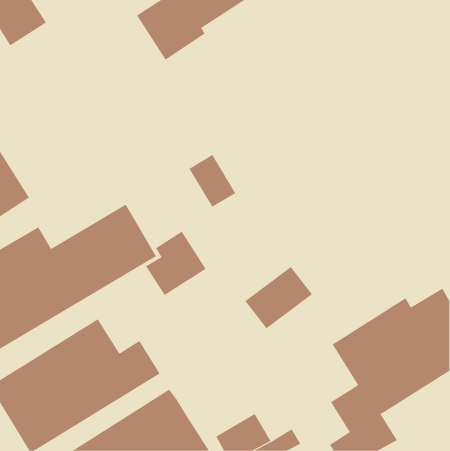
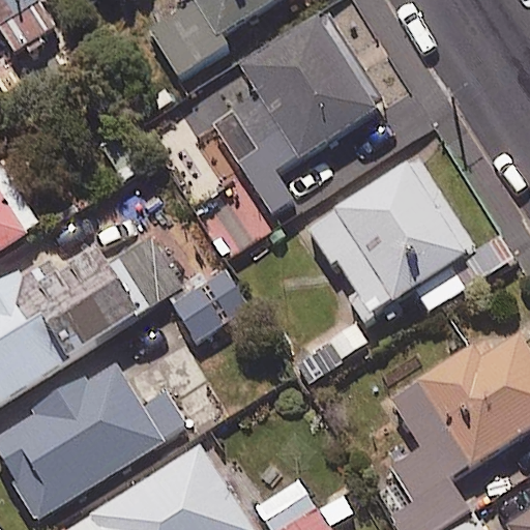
building: none -> [216,14,385,210]
building: none -> [315,158,475,316]

